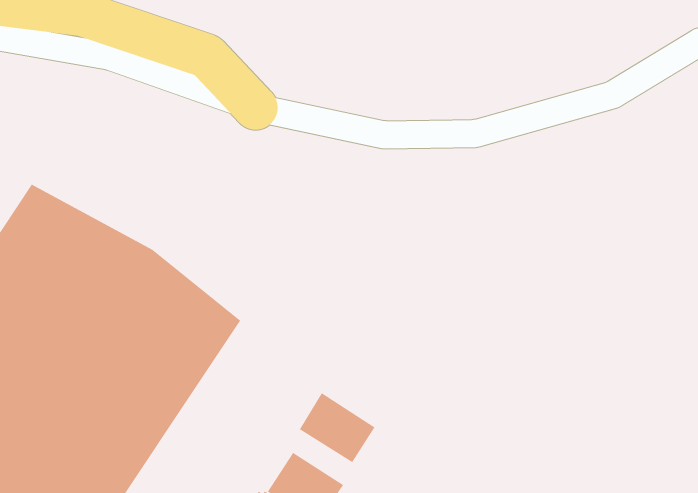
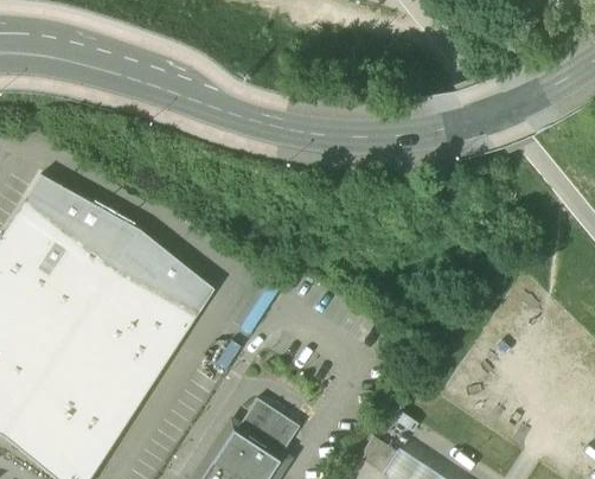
building: [299,392,376,463] -> none

